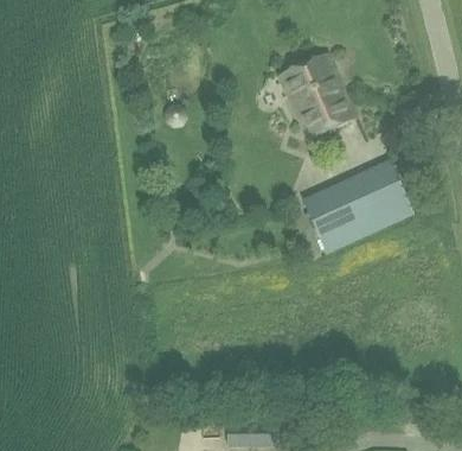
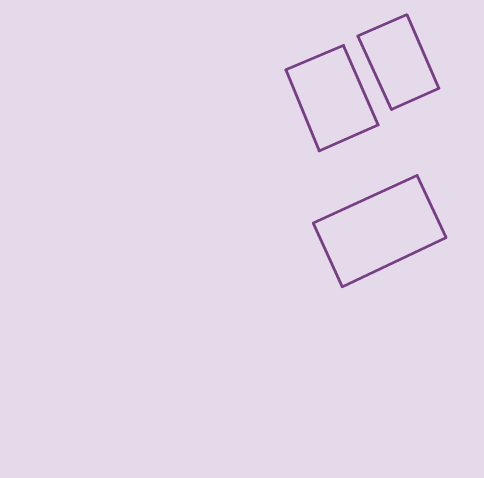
building: none -> [358,15,439,110]

